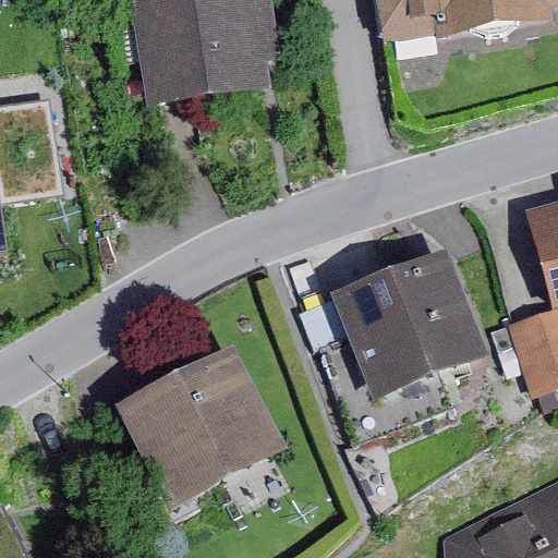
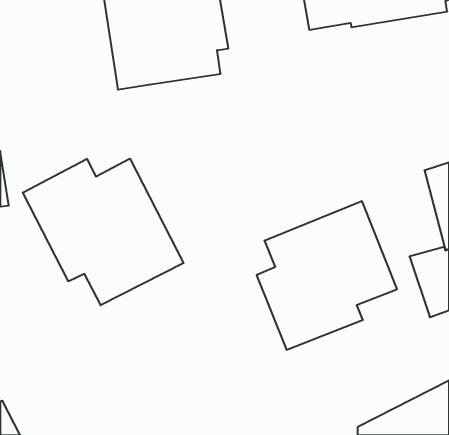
building: none -> [23,159,184,305]
building: [113,345,289,513] -> none

